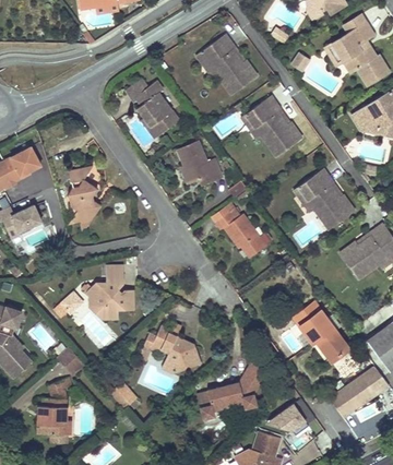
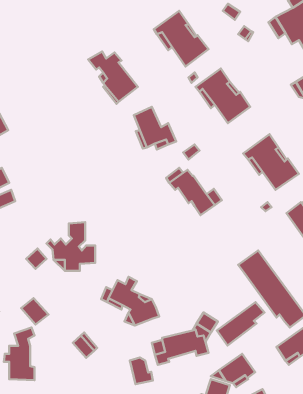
building: [70,166,103,234] -> none
building: none -> [217,302,264,345]
building: none -> [130,358,153,384]

